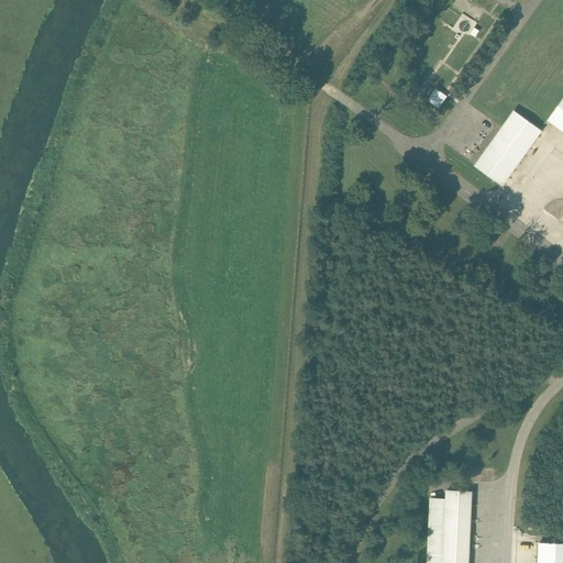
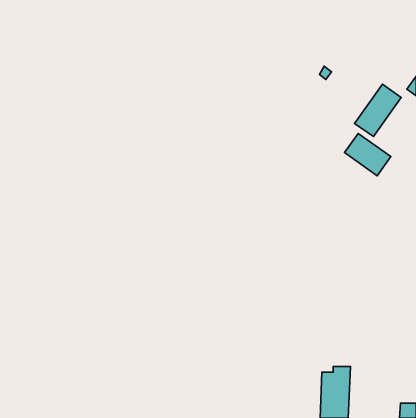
building: none -> [344,133,391,176]

